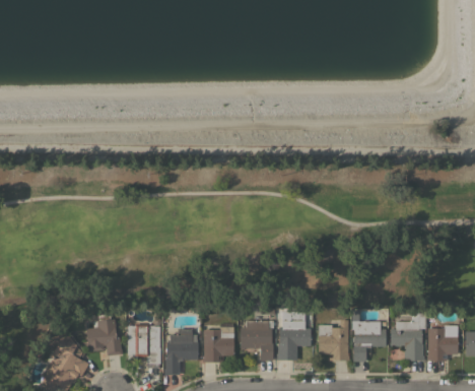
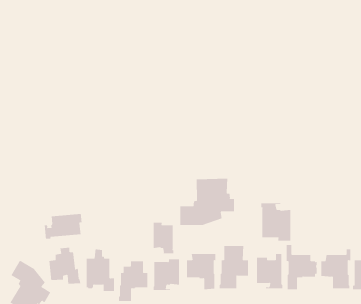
building: none -> [180,178,234,226]
building: none -> [261,202,291,241]
building: none -> [44,213,82,240]
building: none -> [153,222,174,254]

